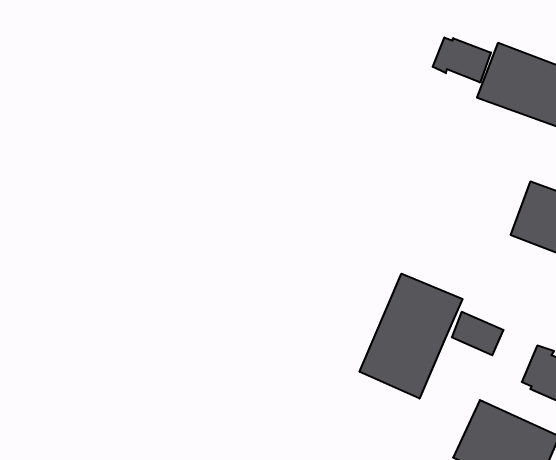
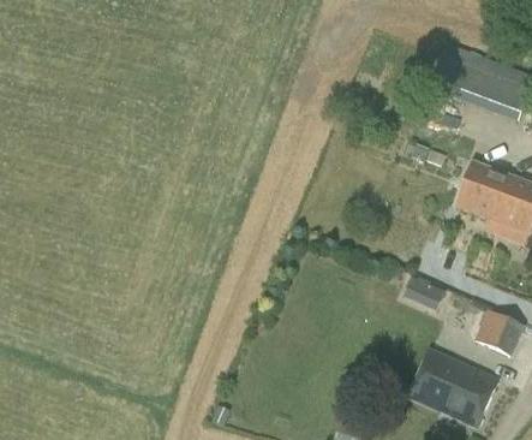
building: [433,37,491,83] -> none
building: [360,274,463,399] -> none

